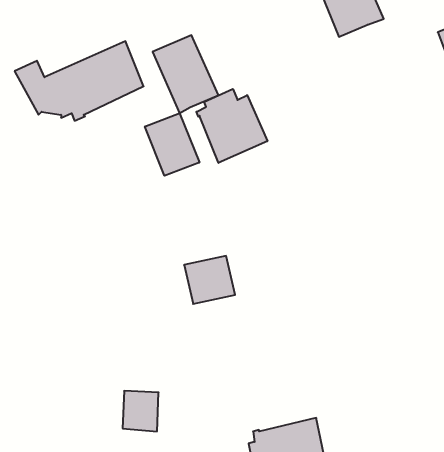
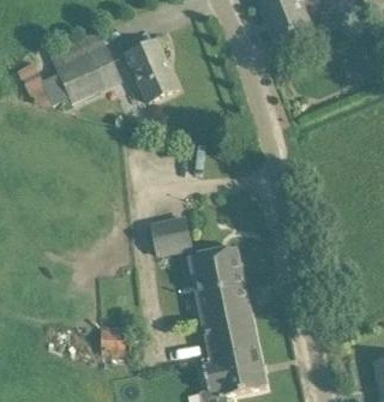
building: [196,89,267,163] -> none
building: [145,113,199,176] -> none
building: none -> [190,246,257,356]

